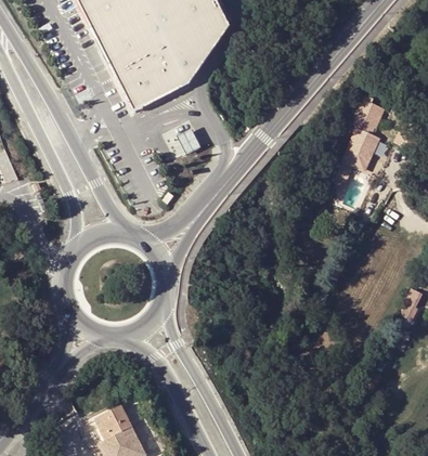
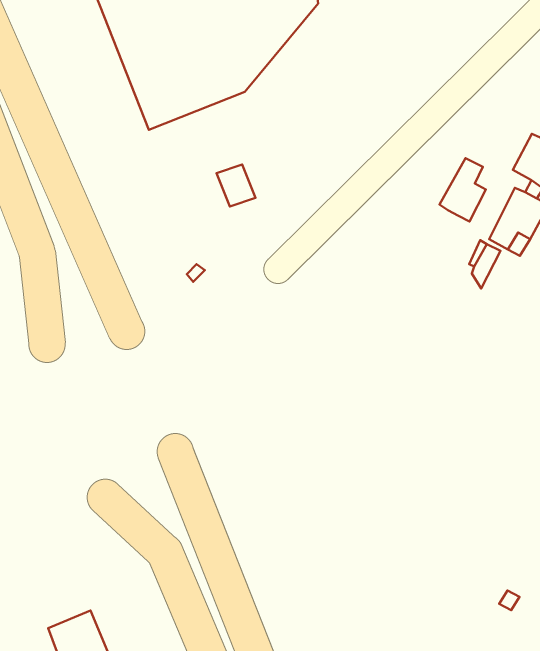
building: none -> [439,158,486,221]

